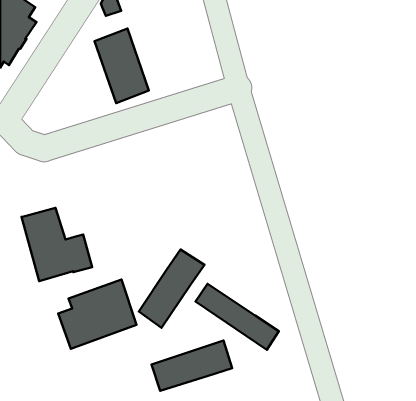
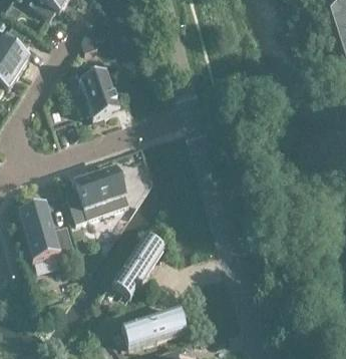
building: [58,279,137,349] -> [65,165,127,221]
building: [196,284,279,350] -> none

